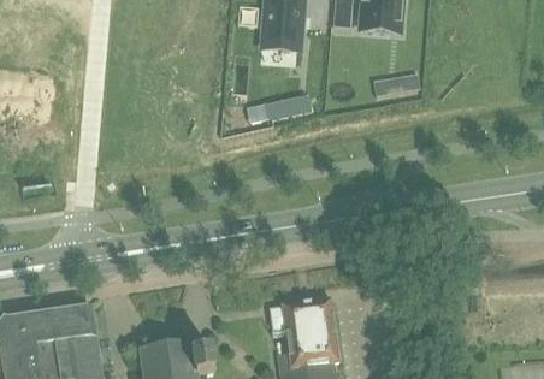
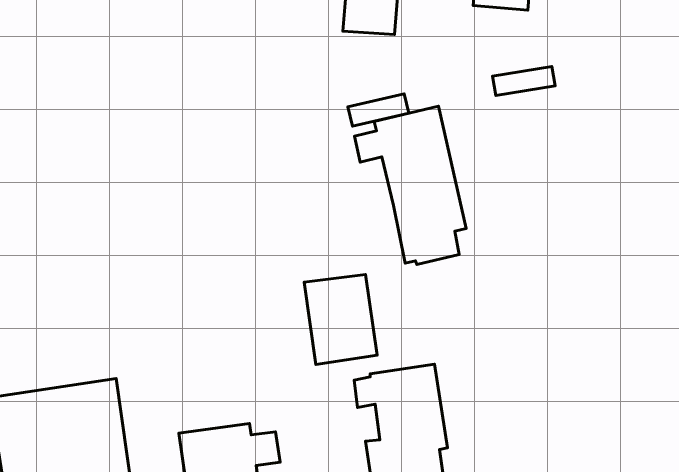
building: none -> [355,106,466,265]
building: none -> [304,274,377,365]

